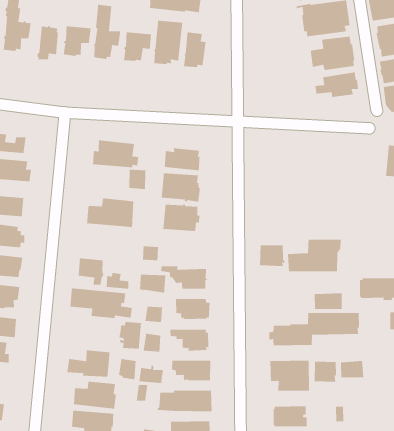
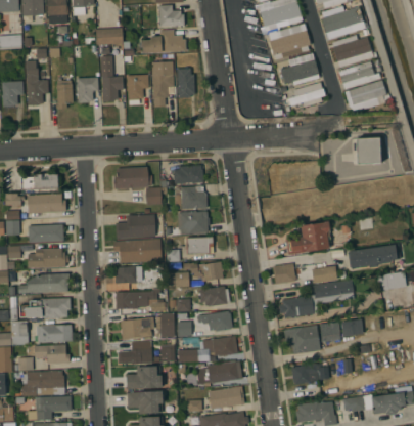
building: none -> [113,239,162,263]
building: none -> [186,237,213,254]
building: [259,244,286,267] -> [273,263,296,284]
building: none -> [120,317,154,340]

